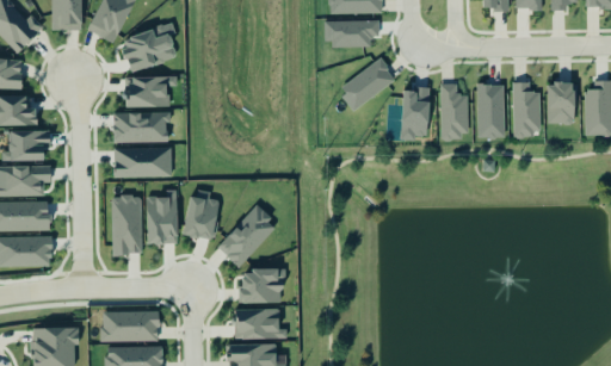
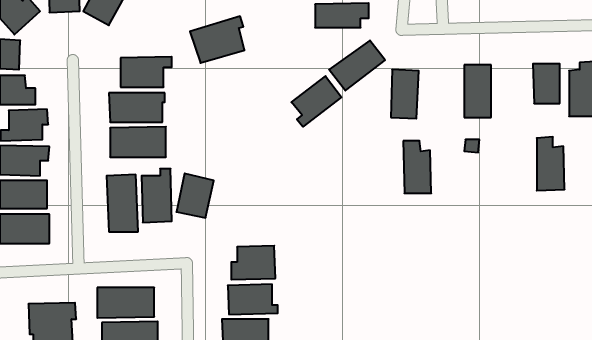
building: [121,23,177,70] -> [190,16,245,63]
building: [512,81,541,136] -> [537,137,565,191]
building: [439,83,468,137] -> [403,141,431,193]
building: none -> [291,76,341,127]
building: [216,205,277,267] -> none

